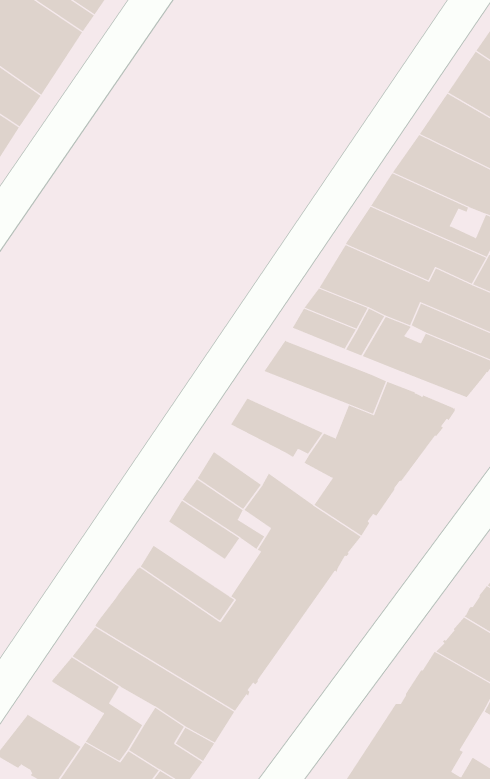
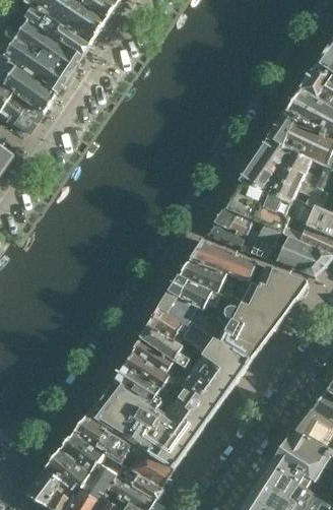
building: none -> [175,260,242,301]
building: none -> [159,293,231,341]
building: none -> [123,352,173,391]
building: none -> [46,449,92,489]

